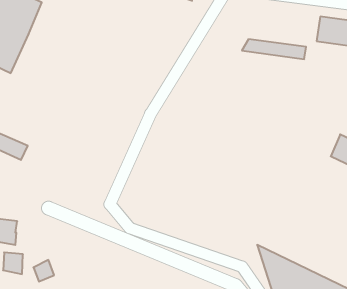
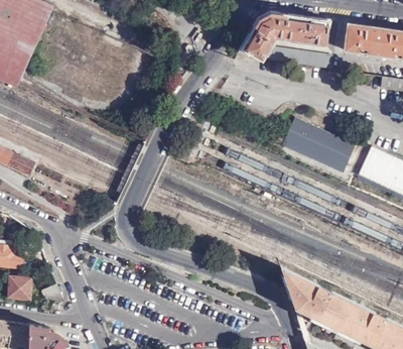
building: none -> [236,12,327,59]
building: none -> [284,117,355,169]

